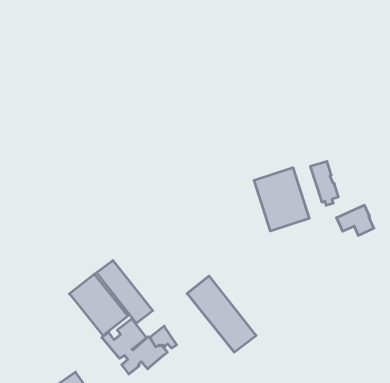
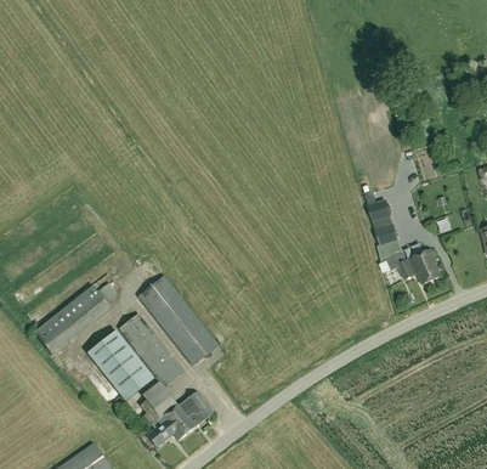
building: [254,168,309,231] -> none
building: none -> [33,281,118,354]
building: [187,276,256,352] -> [137,276,217,365]

